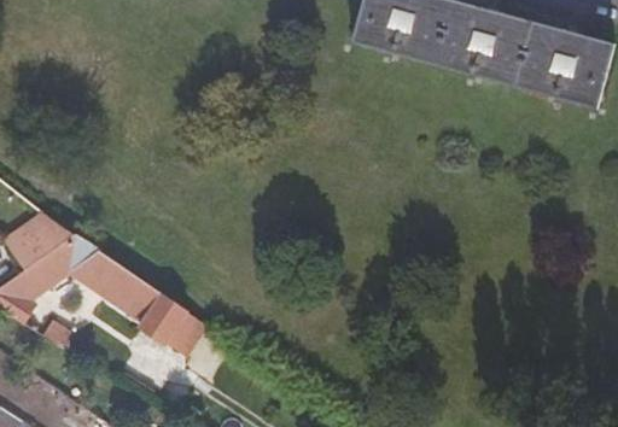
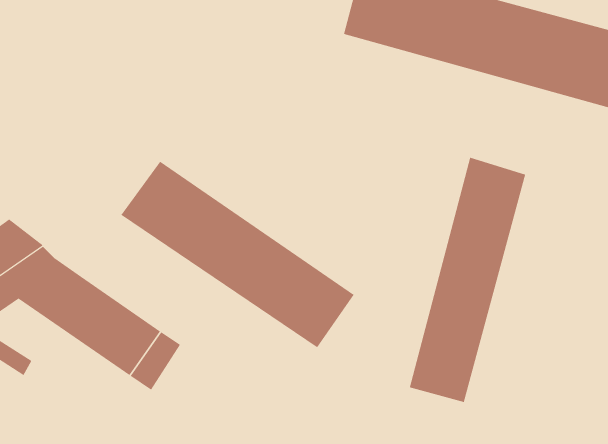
building: none -> [409,157,526,403]
building: none -> [121,161,355,348]

